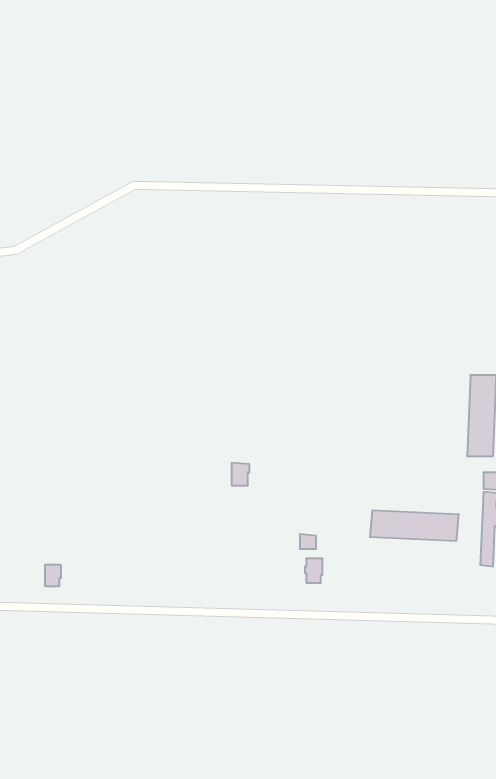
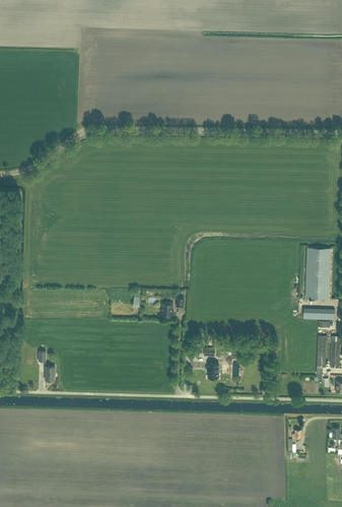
building: [370,510,458,541] -> none

